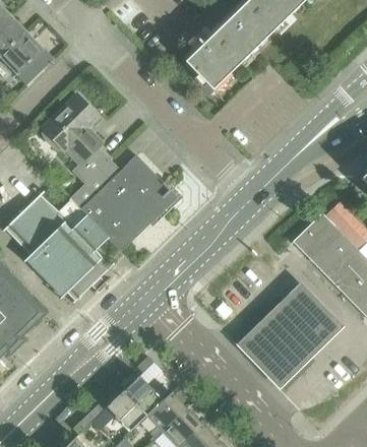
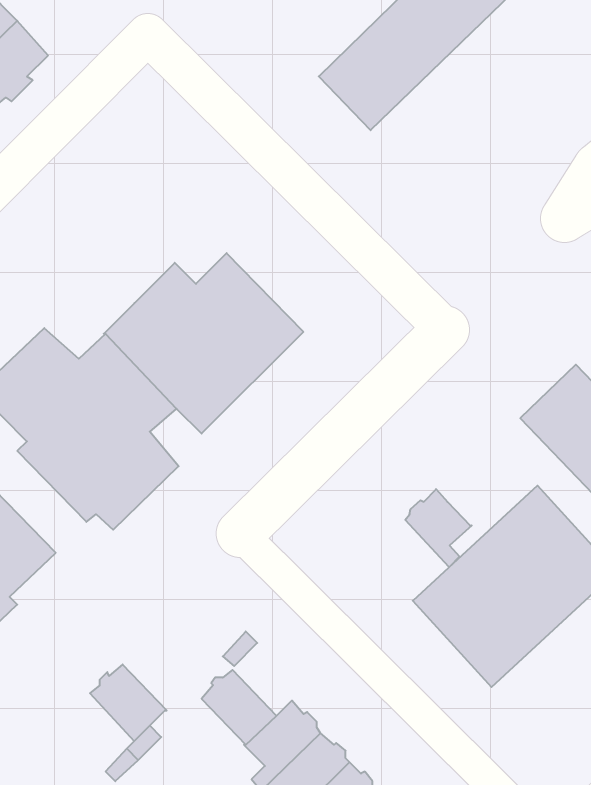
building: [42,94,108,181] -> none
building: none -> [405,489,472,567]
building: [106,391,146,432] -> [90,664,167,741]

